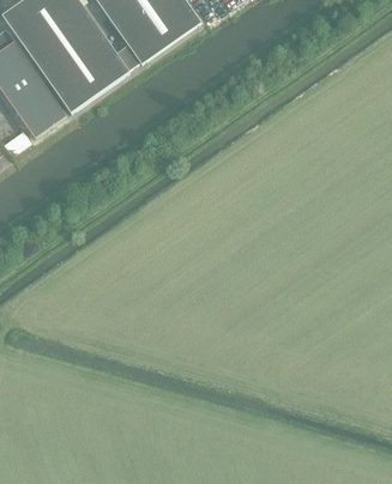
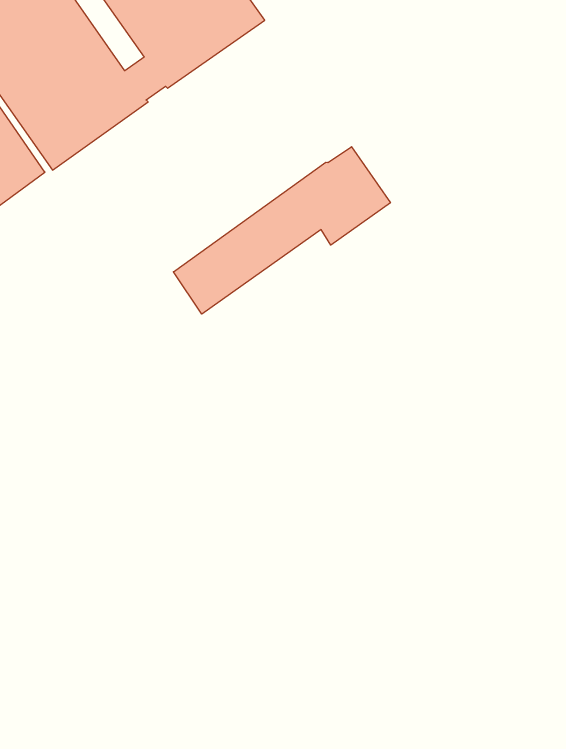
building: none -> [173,147,390,314]

